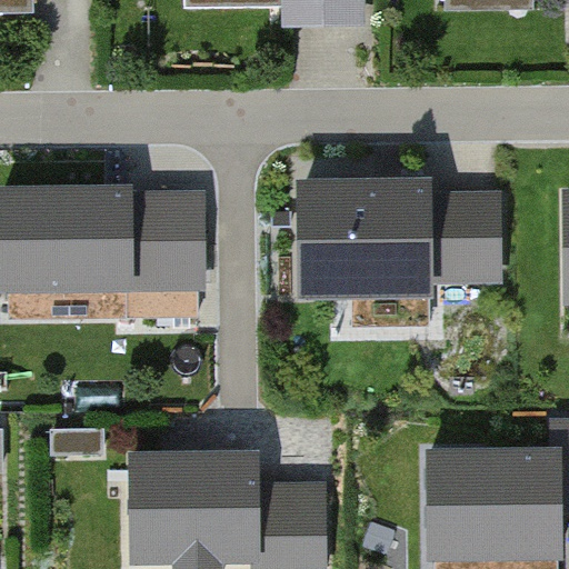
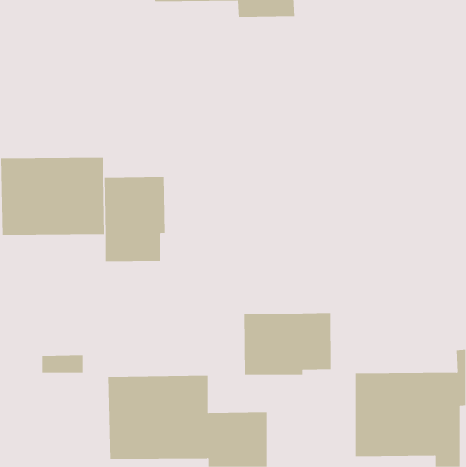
building: [303,186,497,287] -> none
building: none -> [244,312,331,376]

